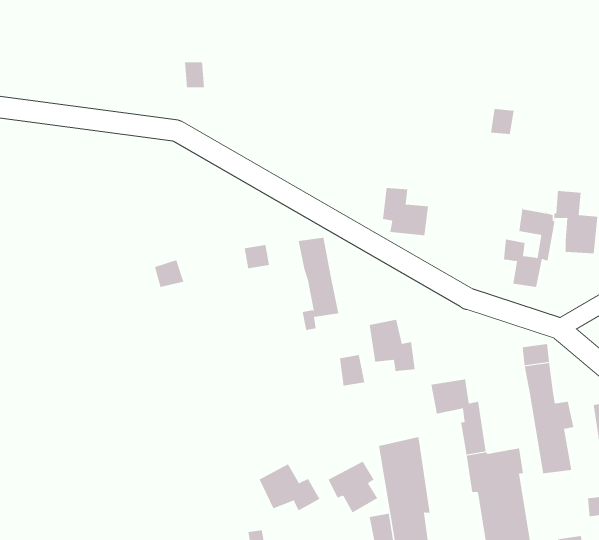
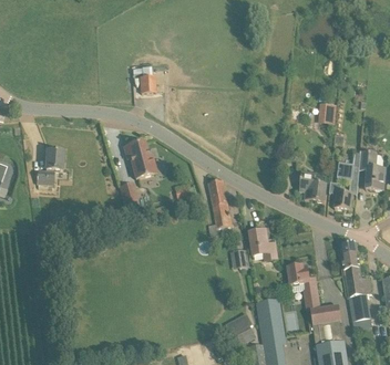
building: none -> [124,139,156,177]
building: none -> [37,149,63,184]
building: [382,187,429,236] -> [299,171,327,200]
building: [259,464,320,511] -> none

